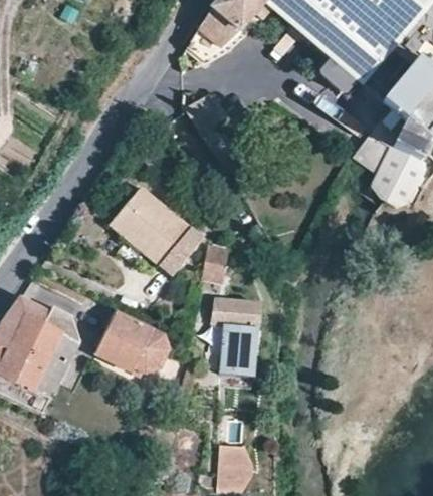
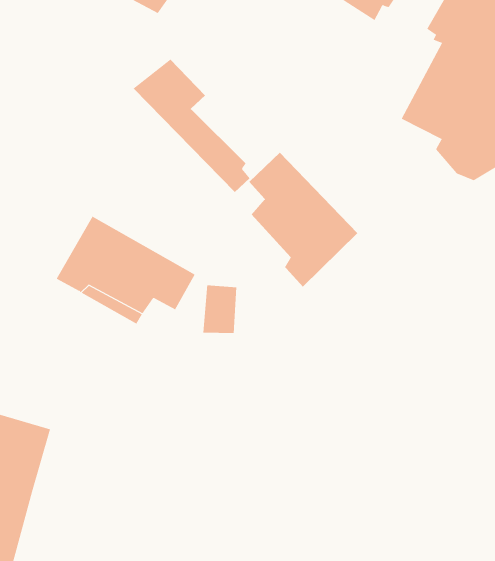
building: none -> [249,152,358,288]
building: [214,296,259,374] -> none
building: [95,310,172,376] -> none

